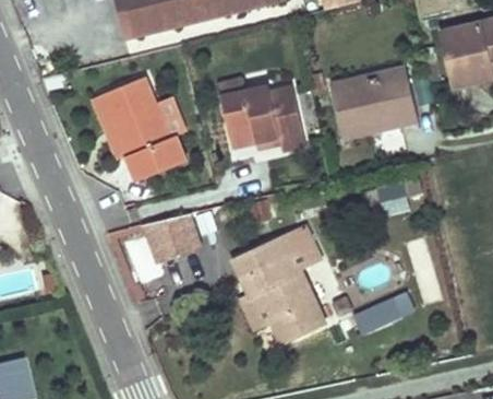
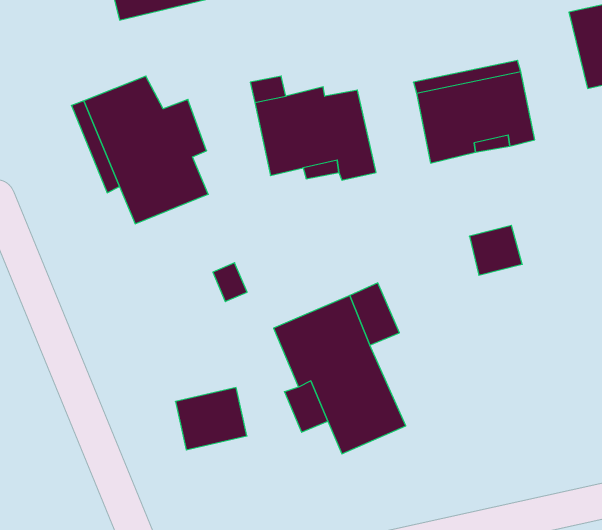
building: [146,212,196,256] -> [175,388,247,450]
building: [351,296,400,335] -> none

